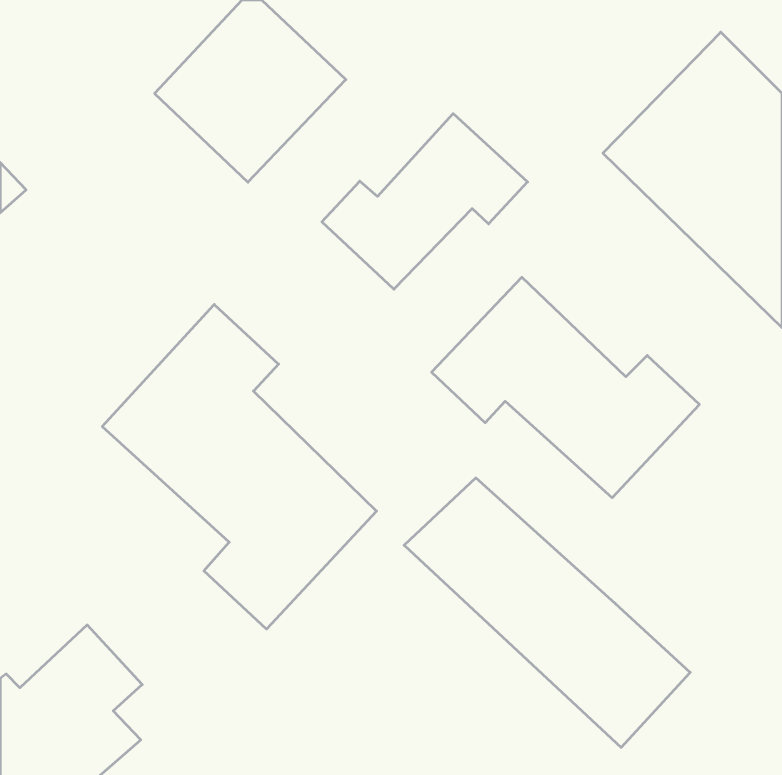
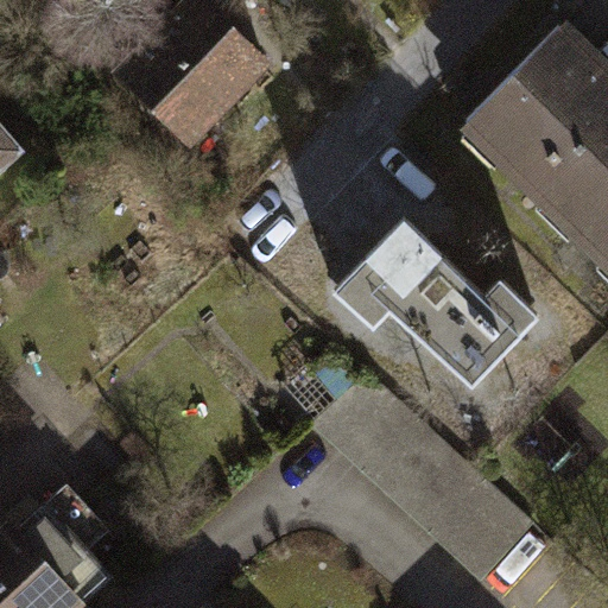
building: [322,114,528,289] -> none
building: [102,304,377,629] -> none

